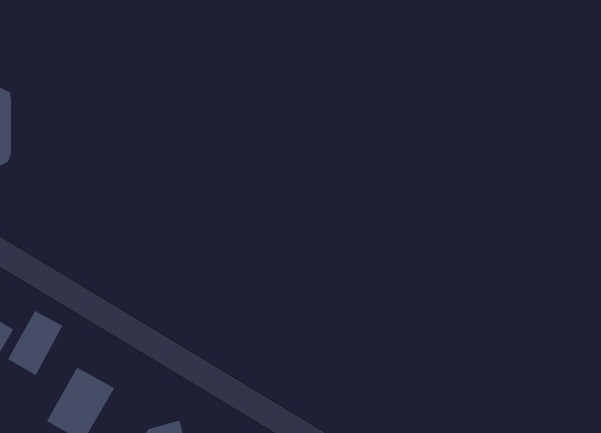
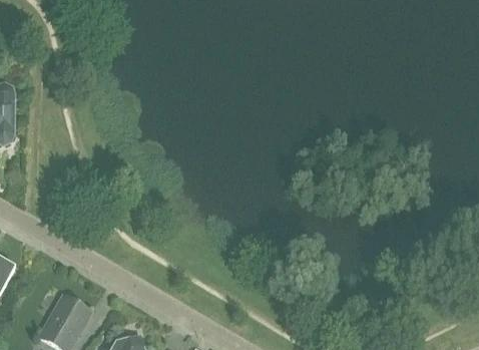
building: [7,310,63,376] -> none

